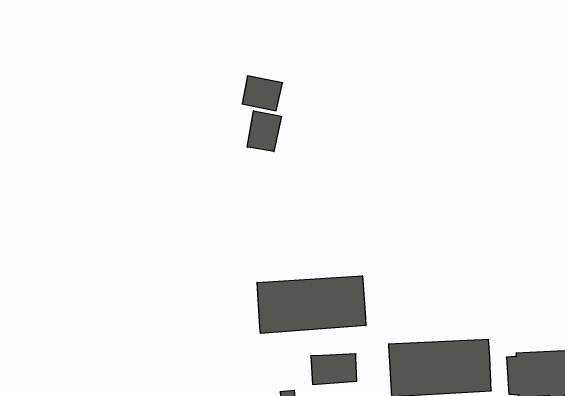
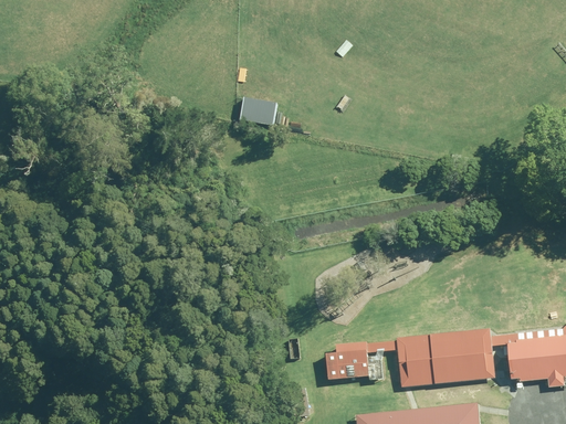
building: [247,111,281,152] -> none
building: [257,276,366,333] -> none

